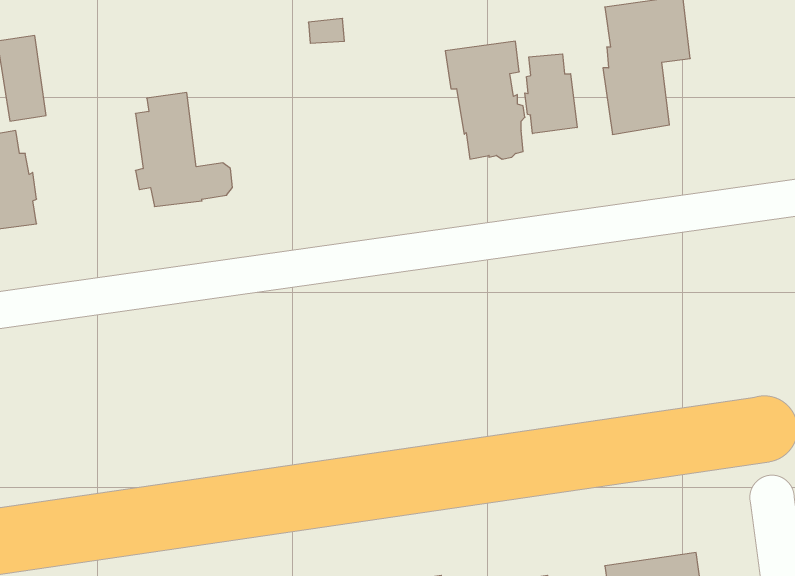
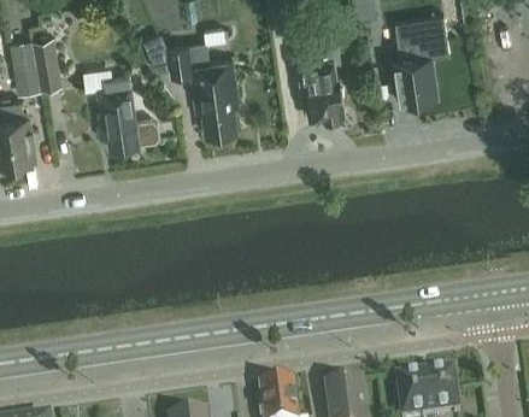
building: none -> [146,30,240,130]
building: none -> [34,34,61,87]
building: [525,54,577,134] -> none

